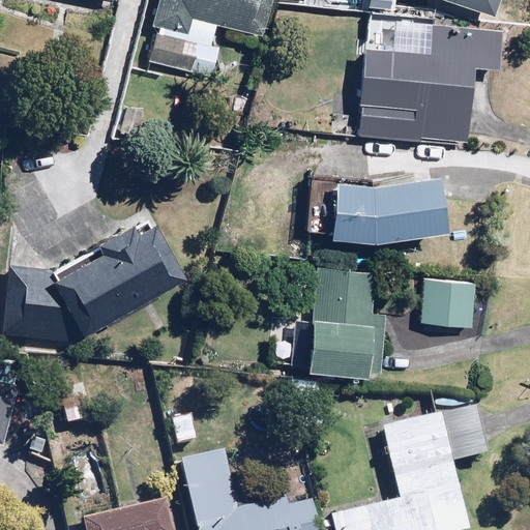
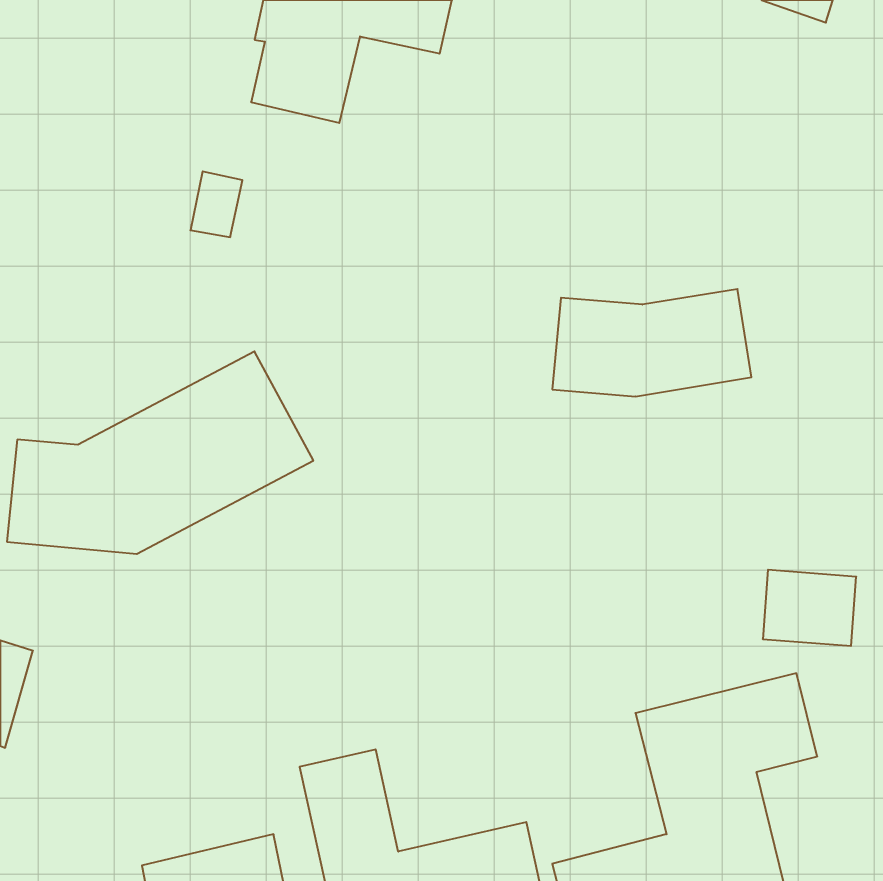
building: [358,20,503,141] -> none
building: [307,266,387,377] -> none
building: [420,279,476,325] -> [763,570,856,646]

